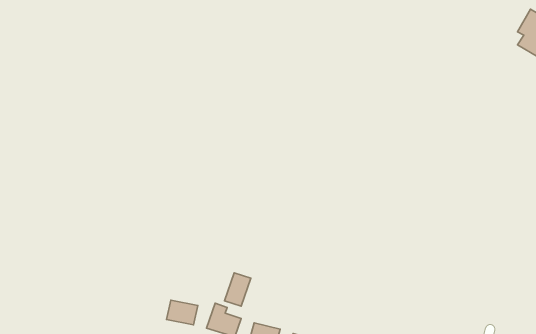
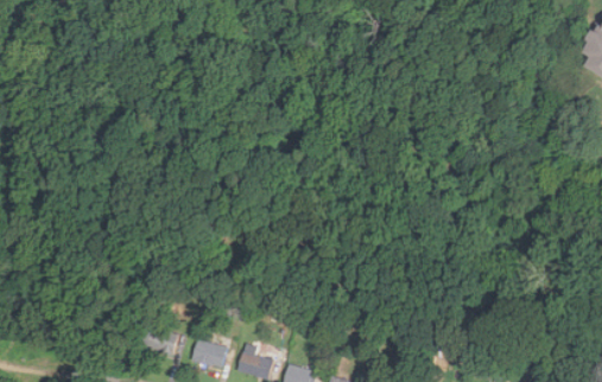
building: [224,273,251,306] -> none
building: none -> [141,325,178,356]

